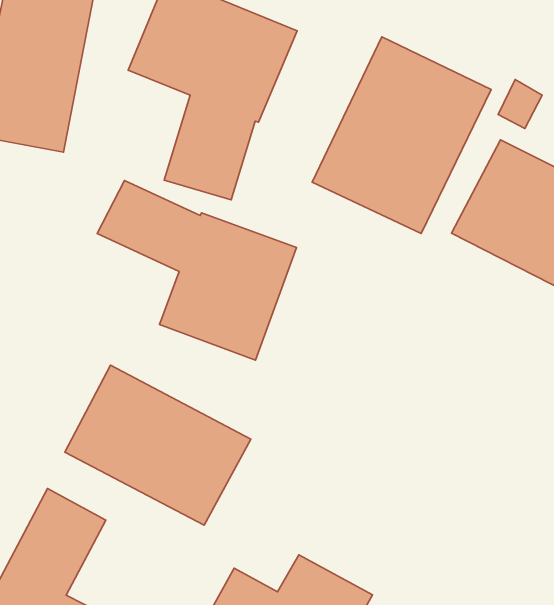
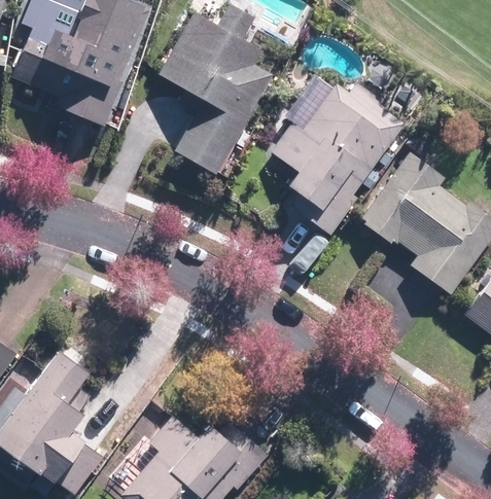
building: [97,180,297,360] -> none
building: [65,365,251,525] -> none

